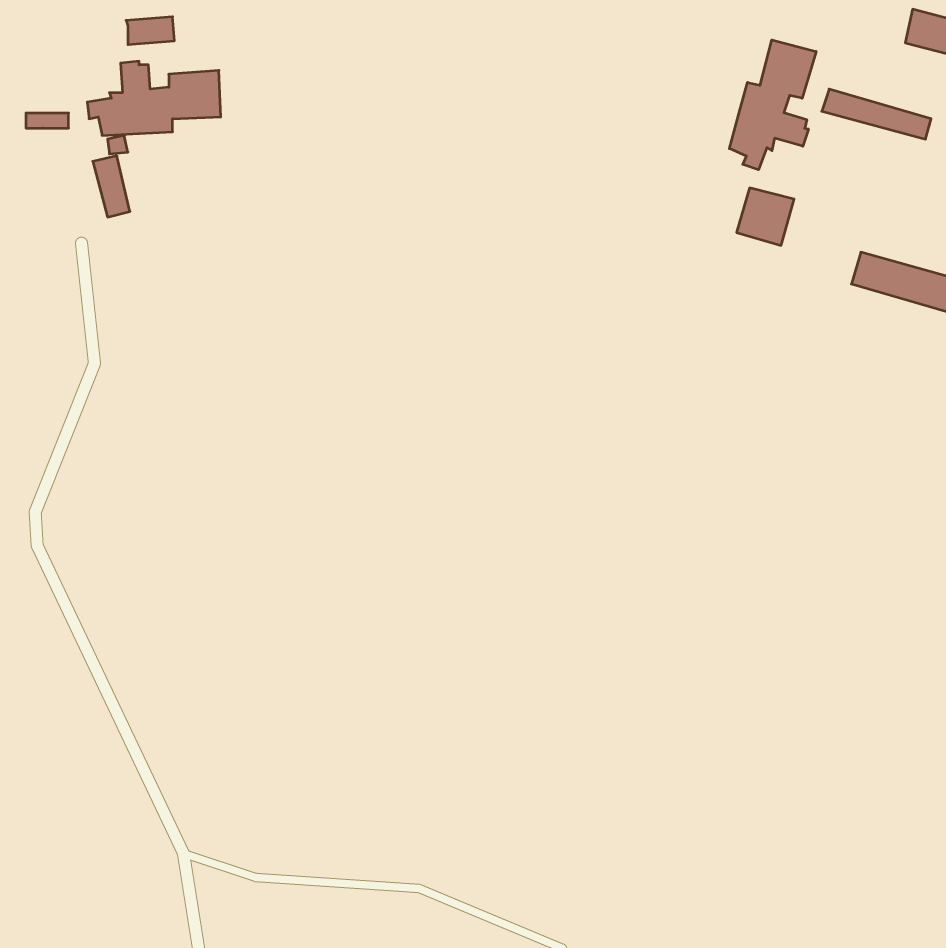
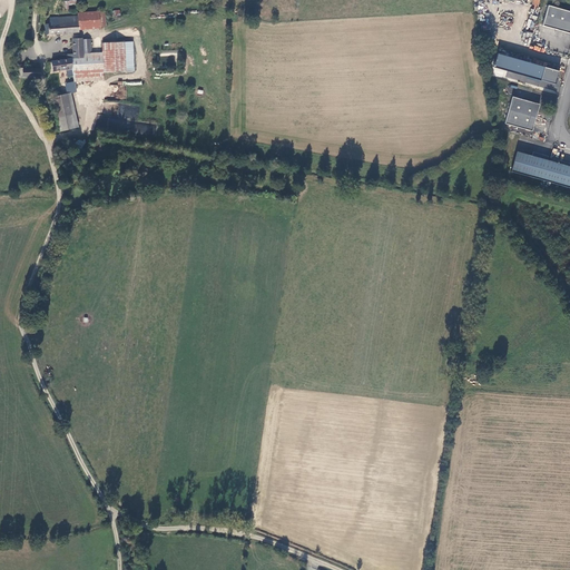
building: none -> [46,16,79,35]
building: [729,40,816,170] -> none
building: [737,188,794,245] -> [507,97,541,131]

